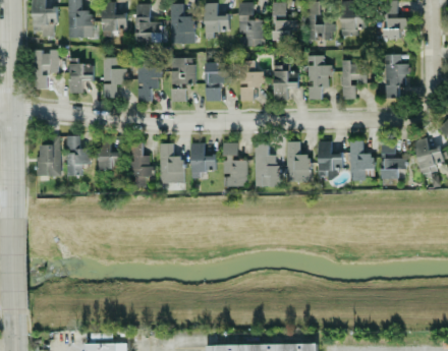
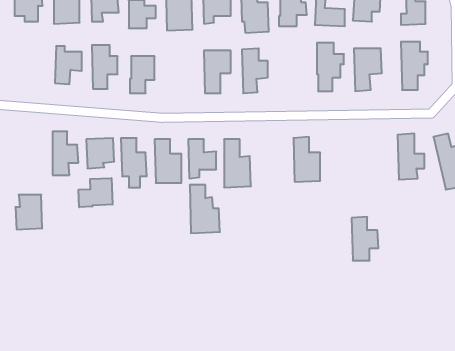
building: [34,49,59,89] -> none
building: [171,57,195,101] -> none
building: [273,64,298,100] -> none
building: [318,140,343,176] -> none
building: [349,140,374,180] -> [352,217,378,261]
building: [255,142,282,186] -> [190,185,220,233]
building: [37,144,61,176] -> [15,195,42,229]
building: none -> [79,178,112,207]

